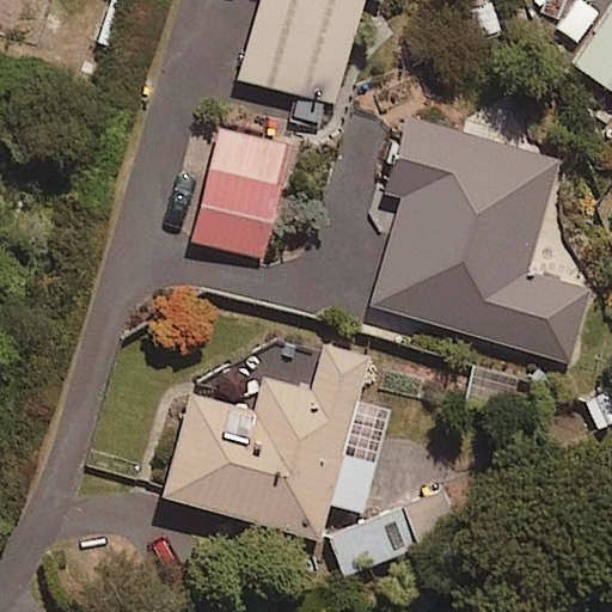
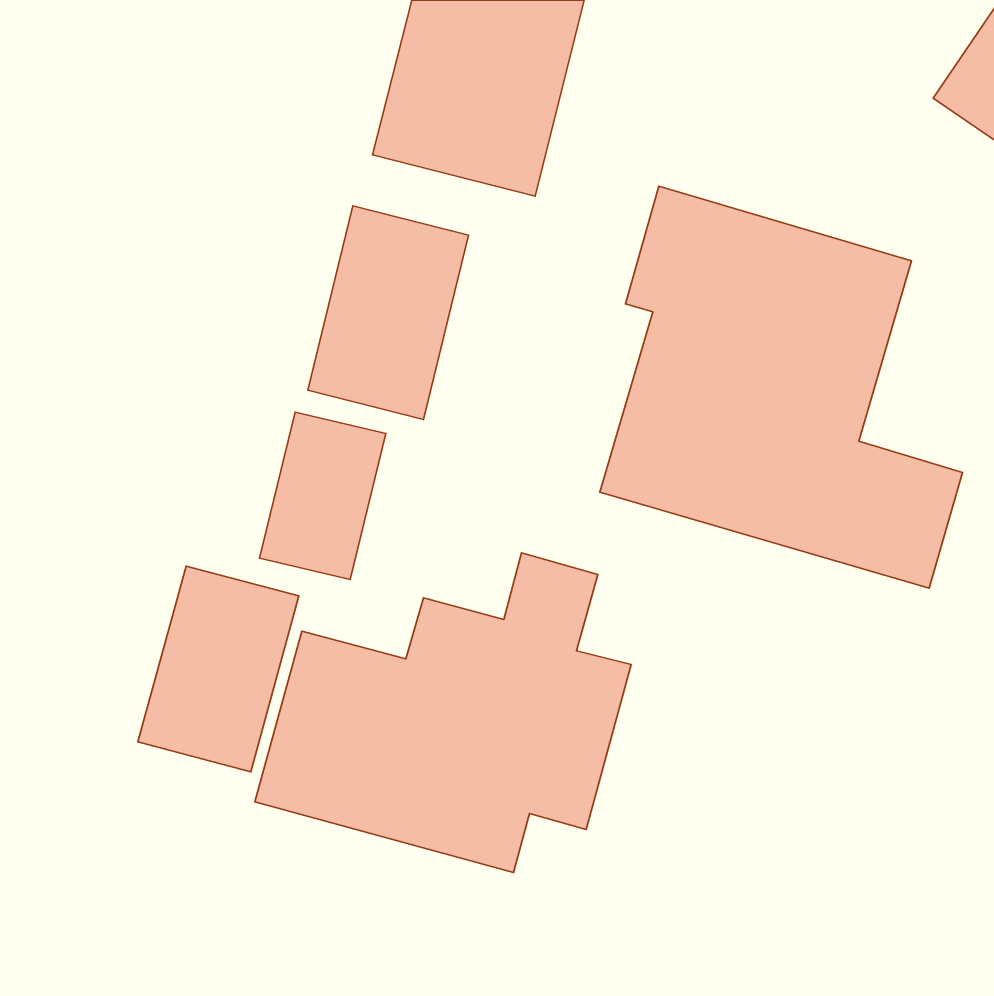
building: none -> [259,412,386,579]
building: none -> [138,566,299,772]

